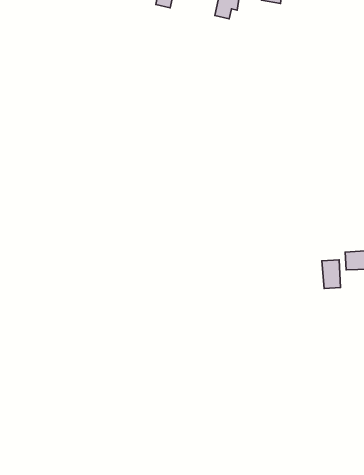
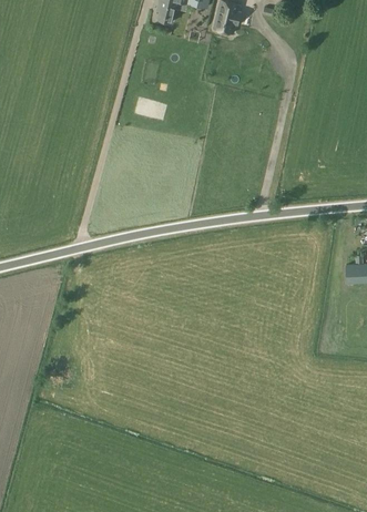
building: [322,260,341,289] -> none

